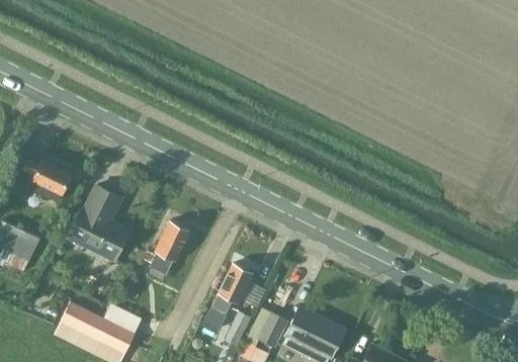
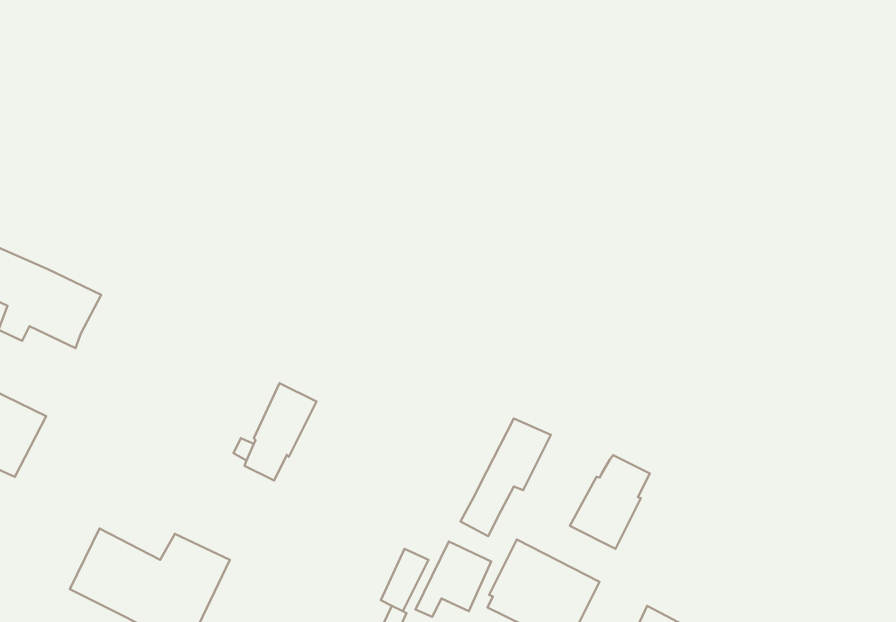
building: [66,185,131,261] -> none
building: none -> [570,455,650,549]
building: [204,264,254,329] -> [461,418,551,536]

